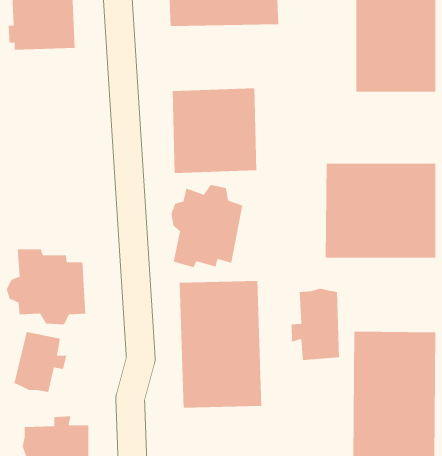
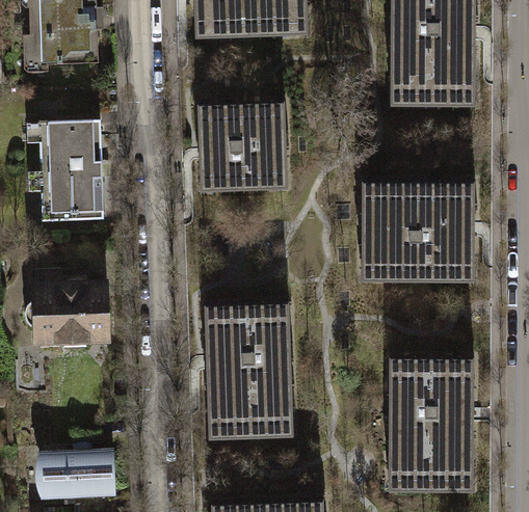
building: none -> [39,119,104,221]
building: [170,184,243,268] -> none
building: [291,288,340,361] -> none
building: [14,331,67,393] -> none

